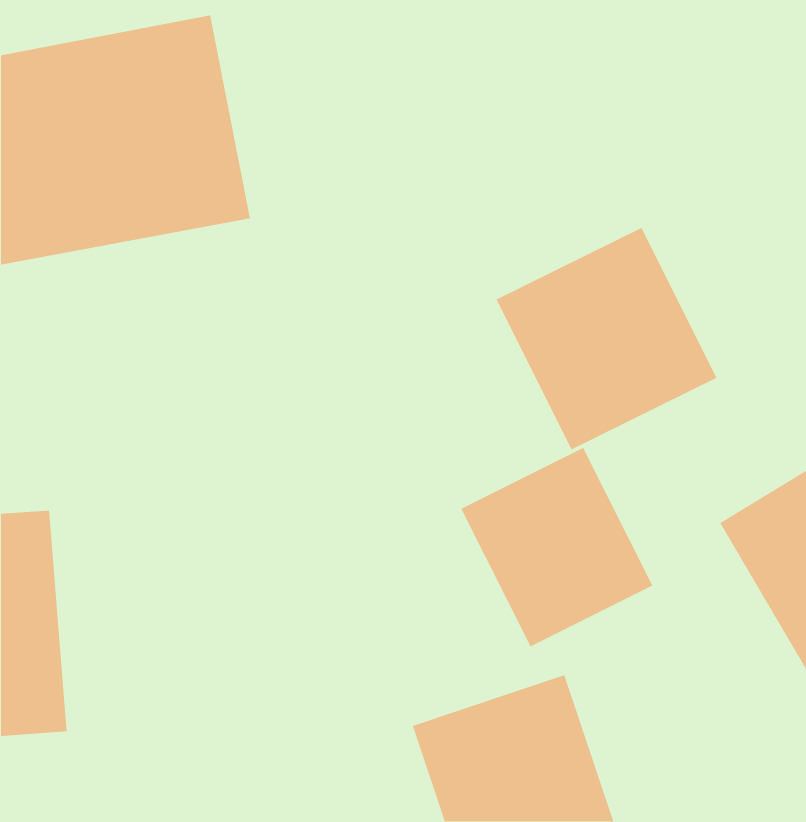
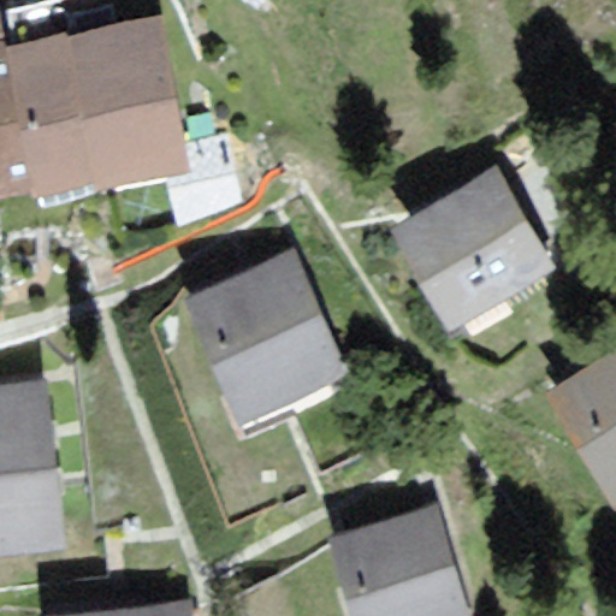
building: none -> [182,255,349,431]
building: [460,447,654,647] -> none

